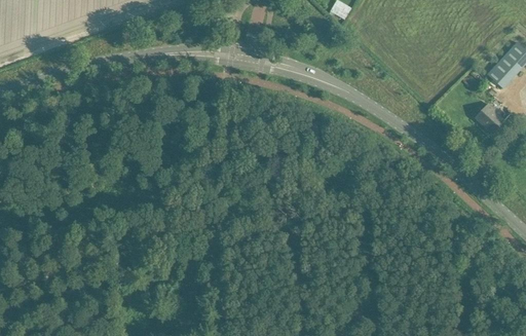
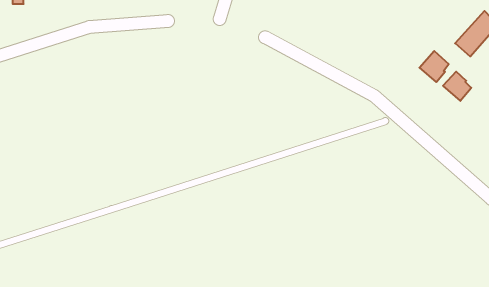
building: none -> [419,51,449,82]

